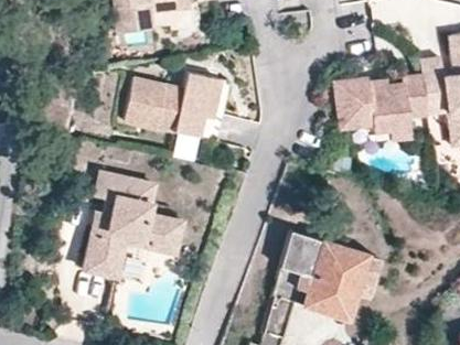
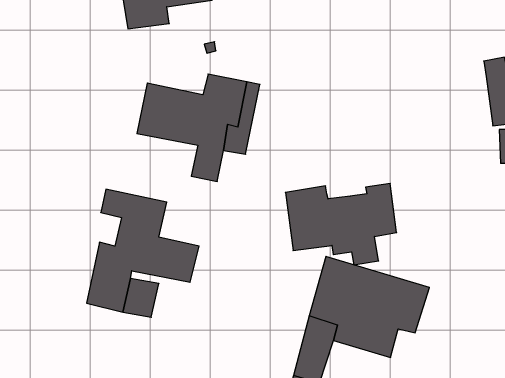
building: [335,74,430,143] -> [285,183,397,265]

